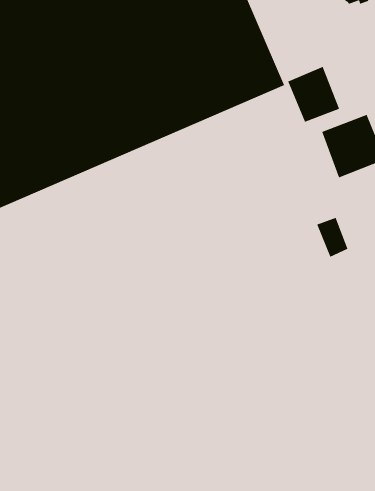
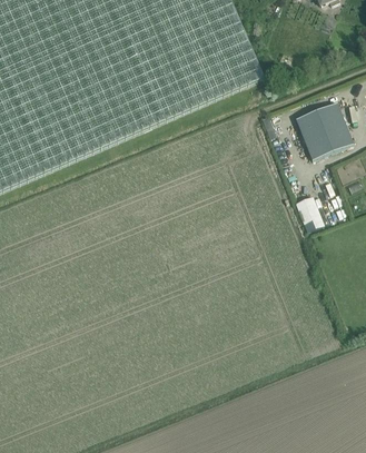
building: [287,66,340,123] -> none

